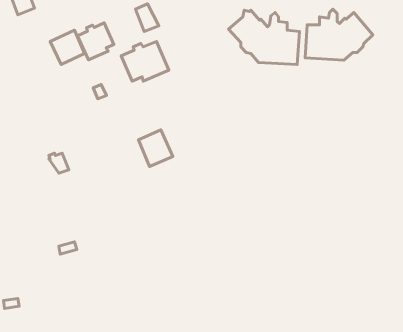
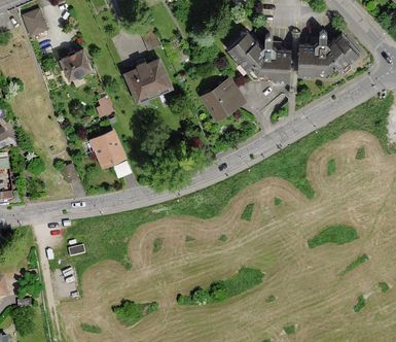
building: [77,23,114,60] -> none
building: none -> [203,82,236,112]
building: [139,130,173,166] -> [92,129,123,163]

